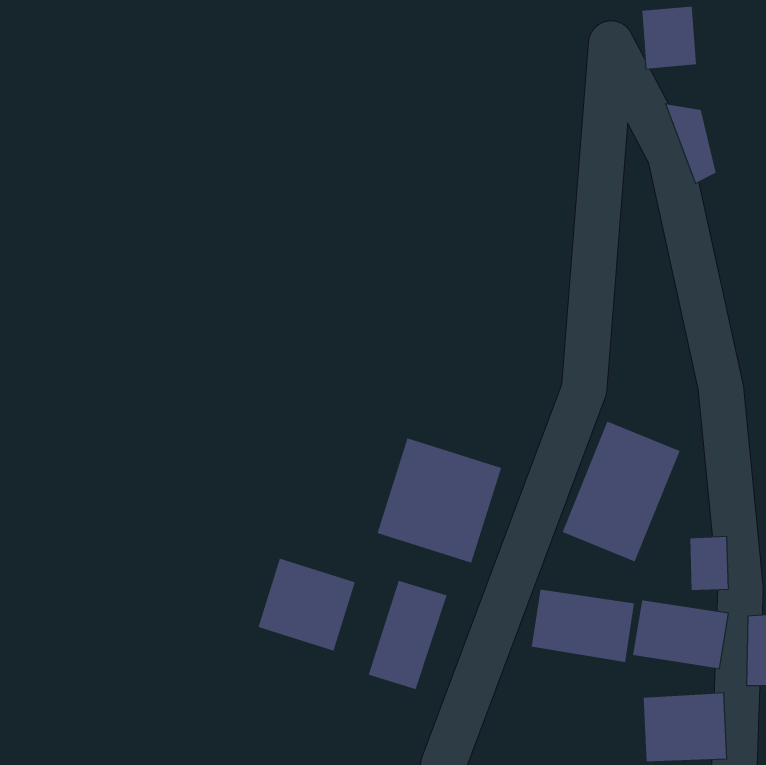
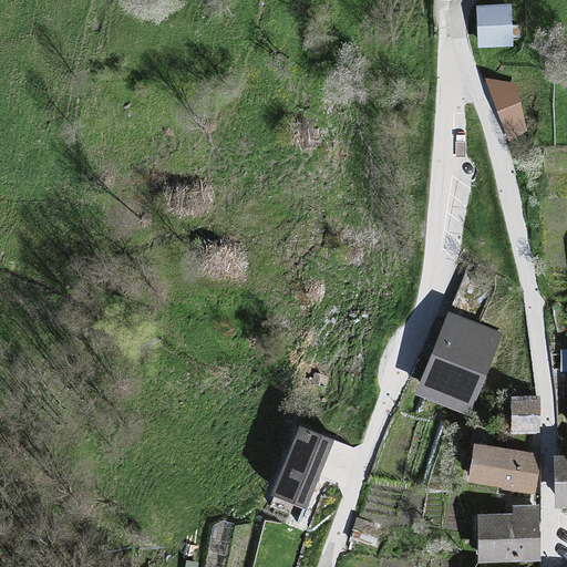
building: [377,437,502,564] -> none
building: [258,558,355,652] -> none
building: [531,589,635,663] -> none

